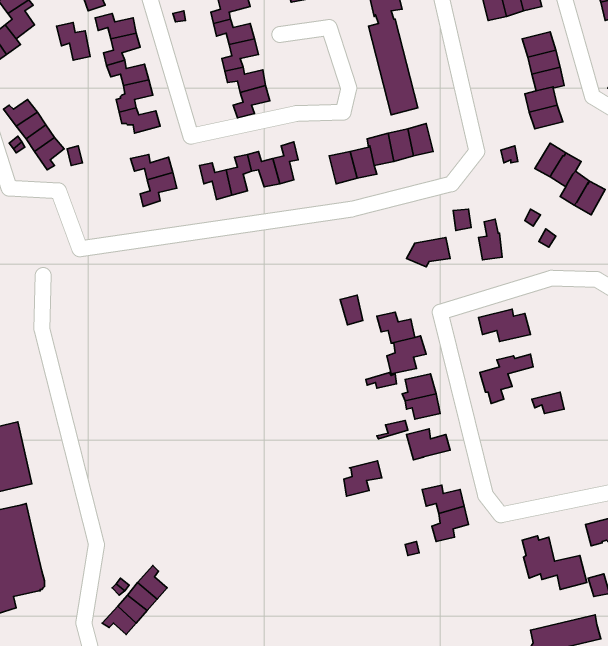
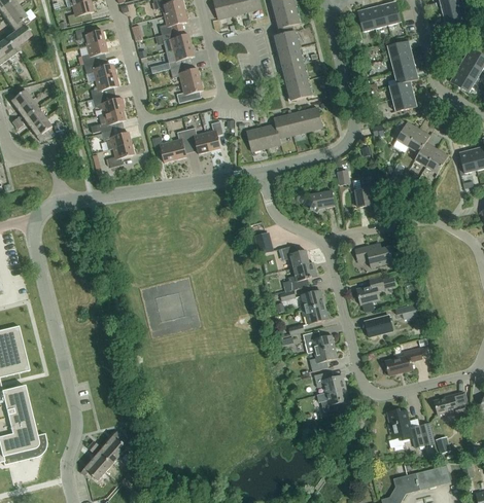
building: [56,22,90,60] -> none
building: none -> [91,109,126,133]
building: none -> [365,315,392,336]
building: none -> [385,348,422,375]
building: [344,461,382,496] -> [310,346,338,371]

